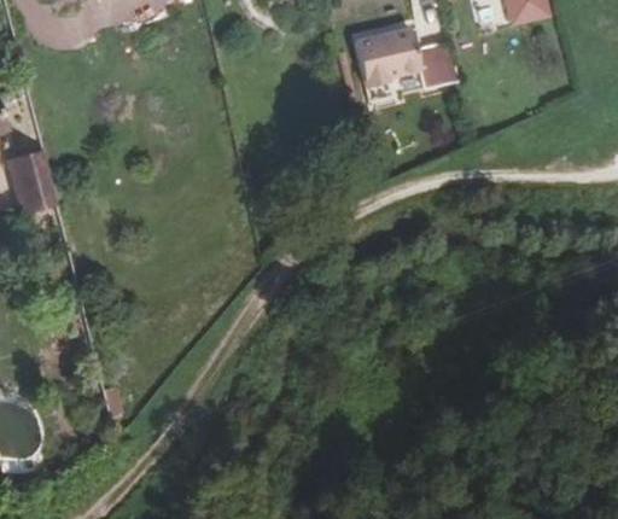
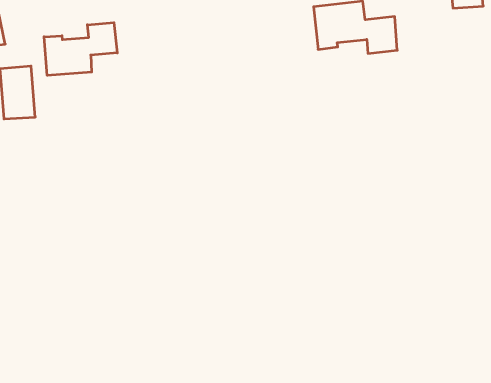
building: none -> [44,23,117,75]

